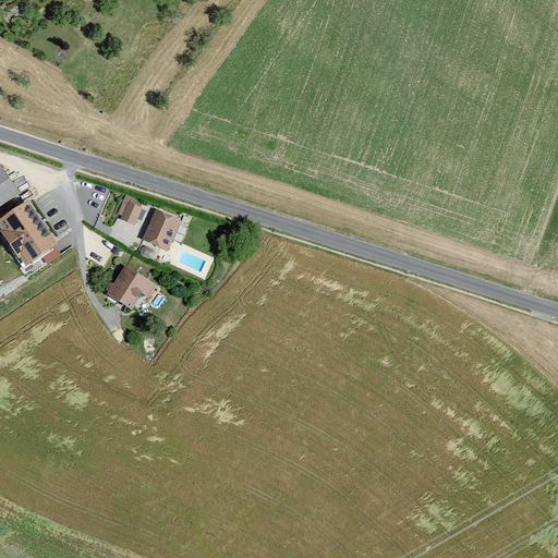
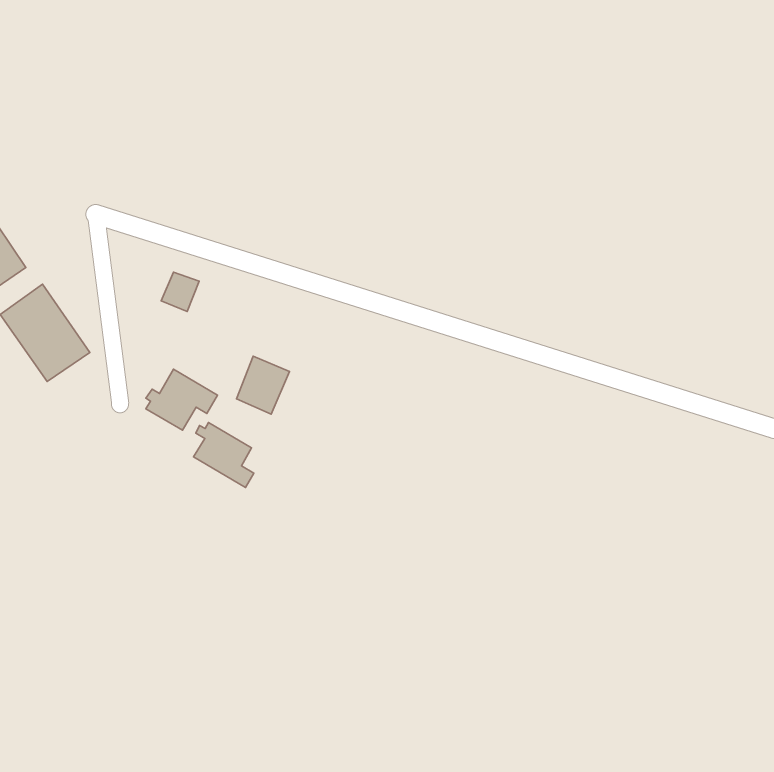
building: [142,208,180,250] -> [236,356,290,414]
building: none -> [193,423,254,487]

